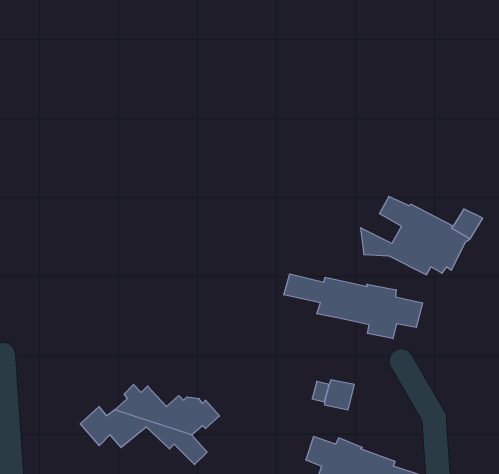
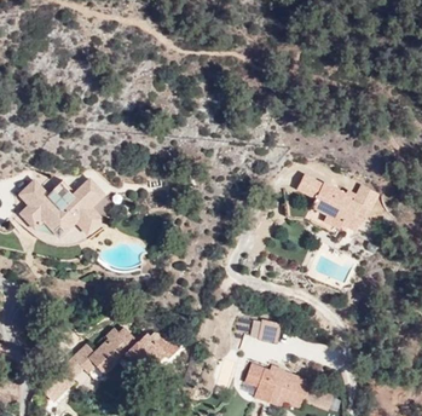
building: none -> [18,178,104,235]
building: [284,274,422,339] -> none

